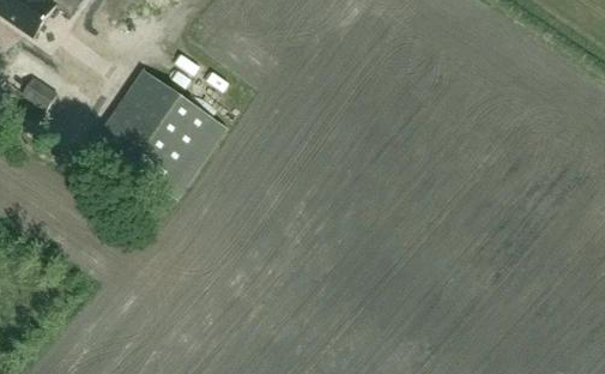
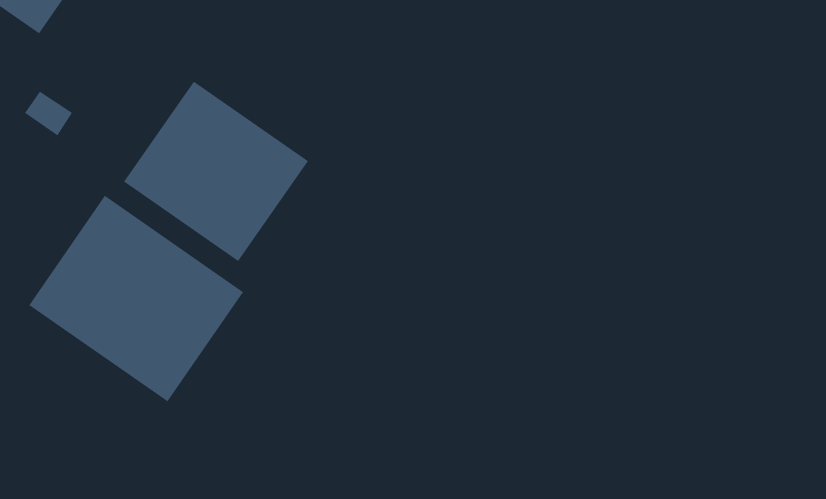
building: none -> [28,195,244,402]

